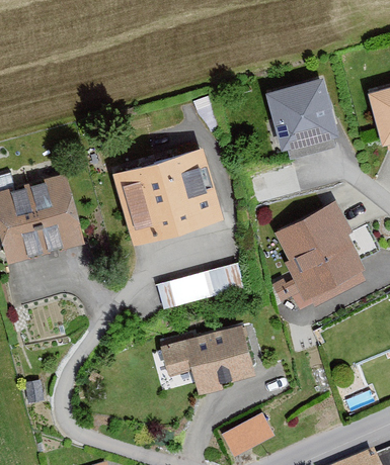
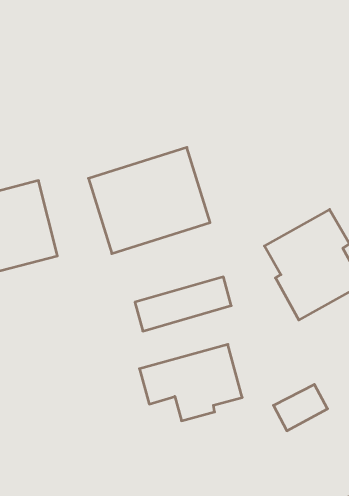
building: [266,77,338,149] -> none
building: [222,414,271,457] -> [273,384,328,431]

